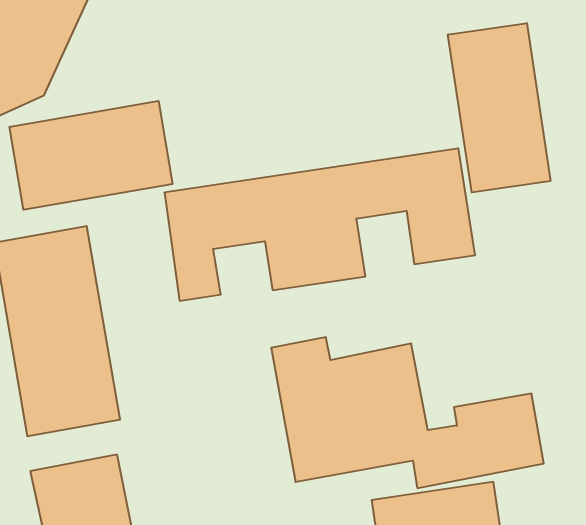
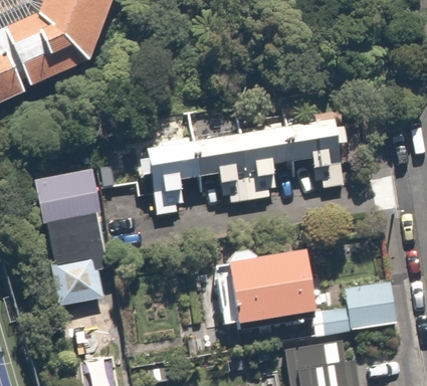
building: [448,23,550,192] -> none
building: [10,101,172,210] -> none

